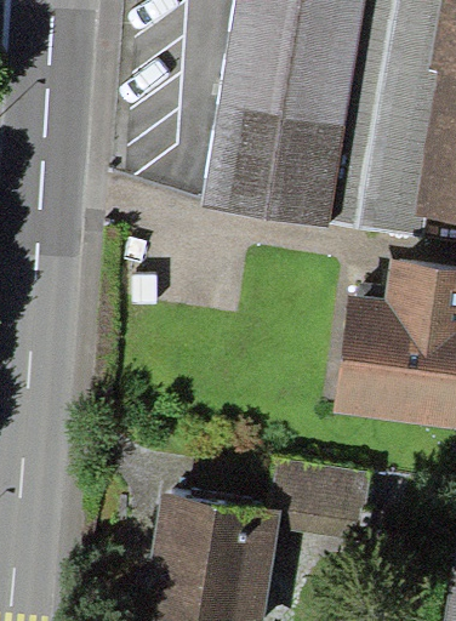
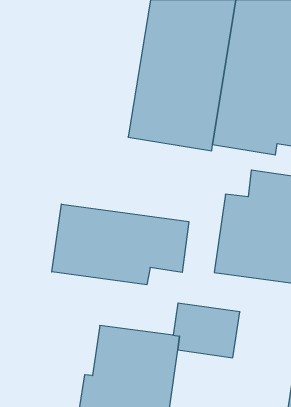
building: none -> [52,204,189,285]

